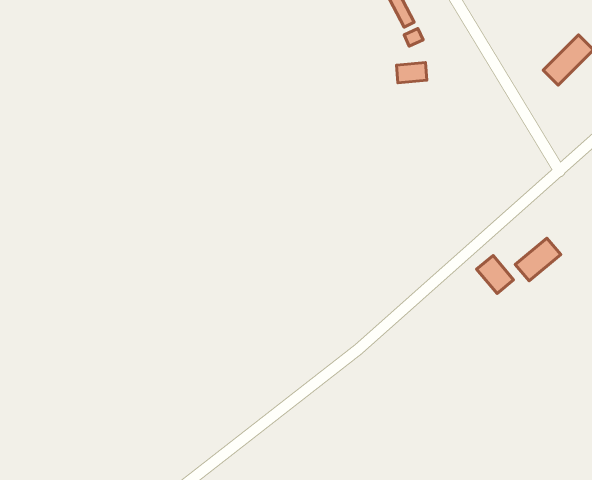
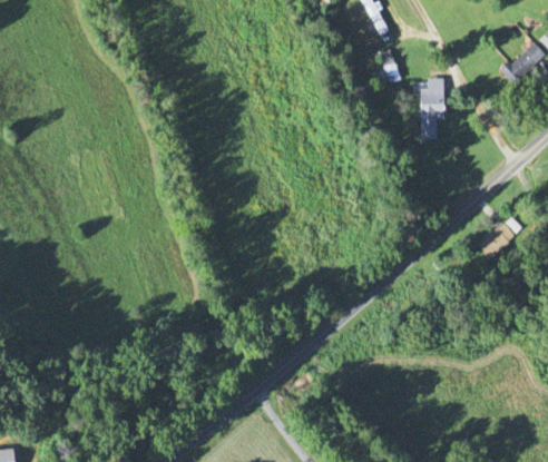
building: none -> [420,77,443,138]
building: [477,255,513,294] -> none

